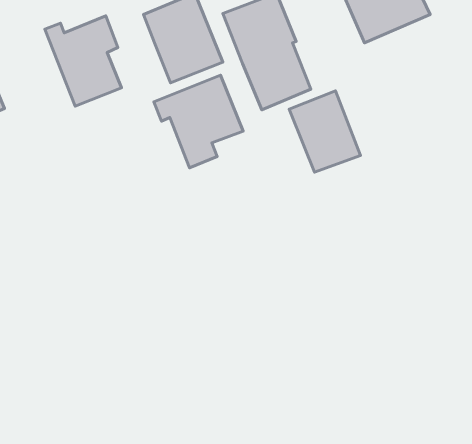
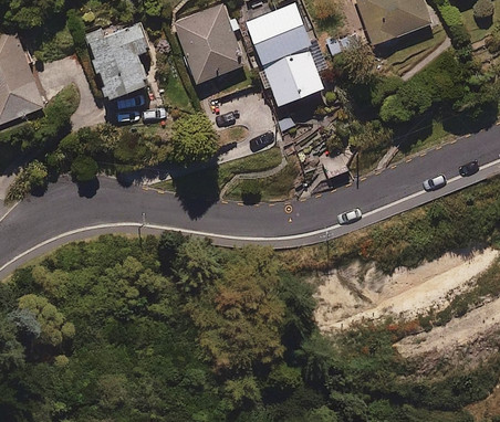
building: [154,75,243,168] -> none
building: [289,91,361,172] -> none

